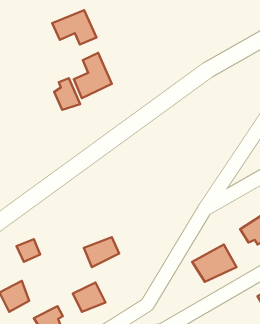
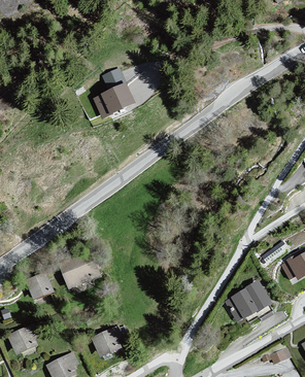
building: [52,10,96,44] -> none
building: [54,78,80,110] -> none
building: [84,237,119,267] -> [60,256,100,290]

